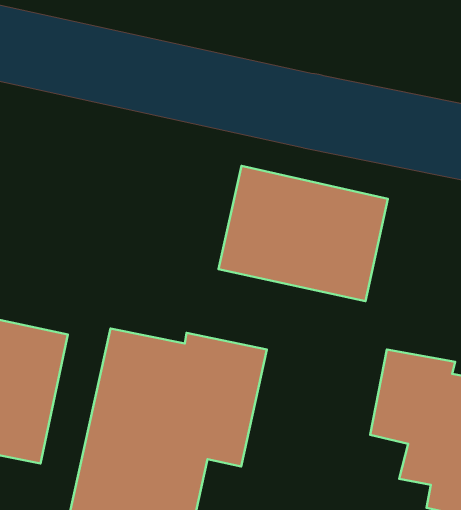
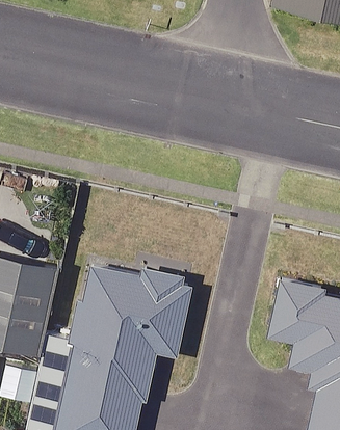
building: [219,166,388,301] -> none

